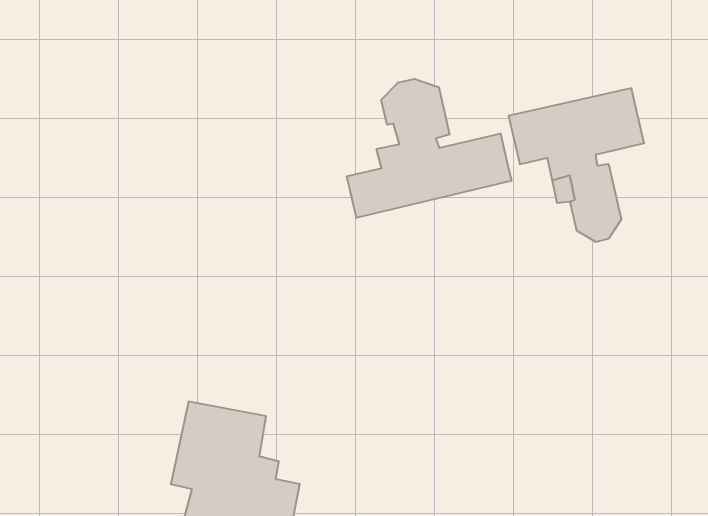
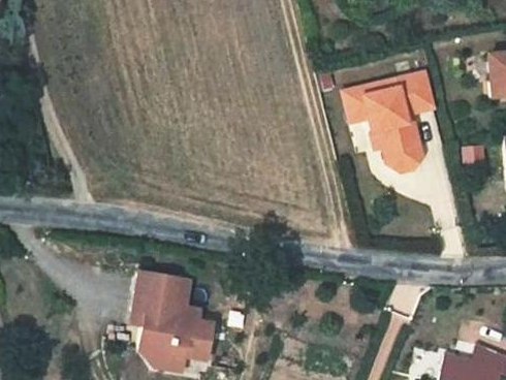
building: [347,79,512,218] -> none

